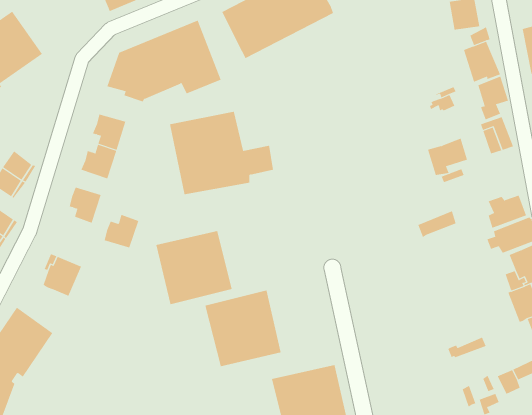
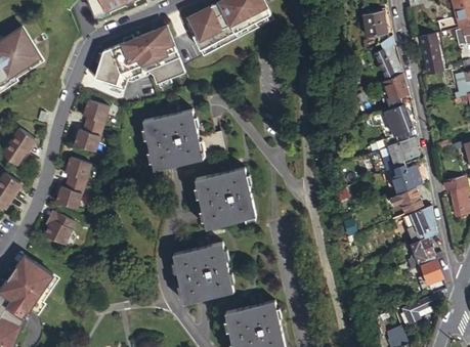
building: [427,138,468,176] -> [387,137,419,167]
building: [104,214,139,248] -> [55,184,83,211]
building: [155,230,232,305] -> [193,169,253,227]

